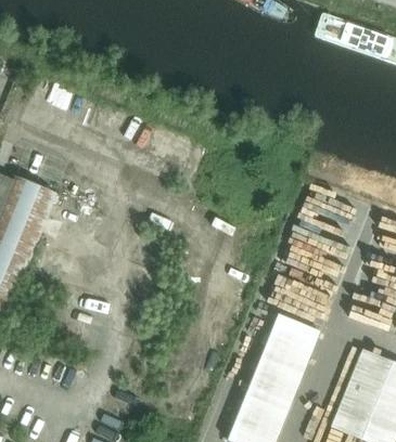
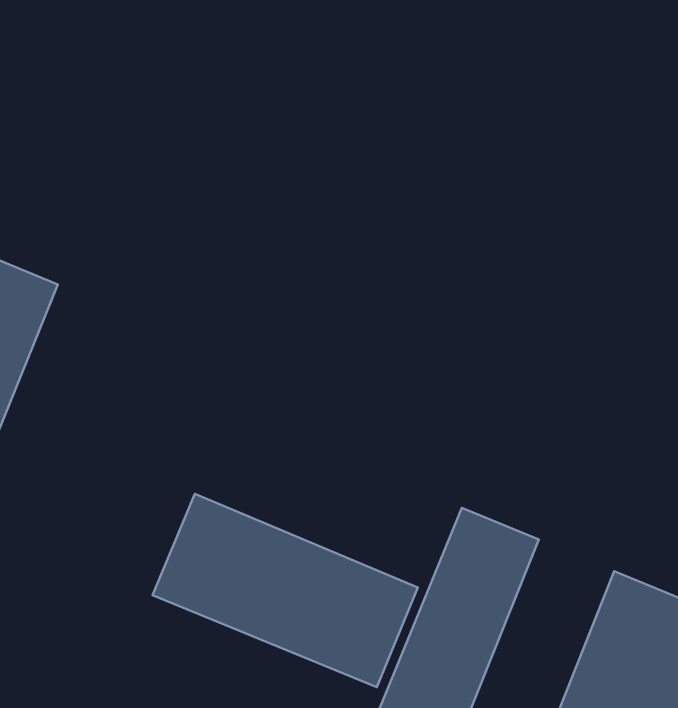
building: none -> [153,494,418,687]

